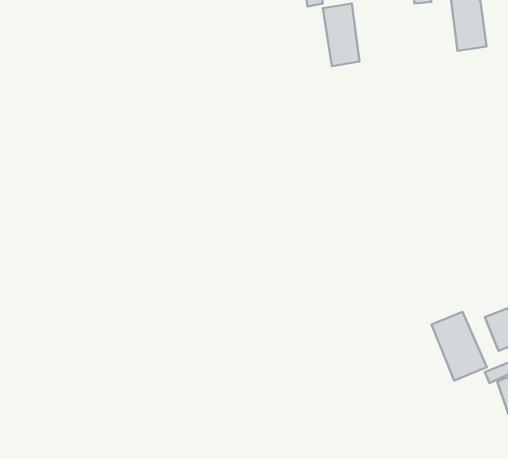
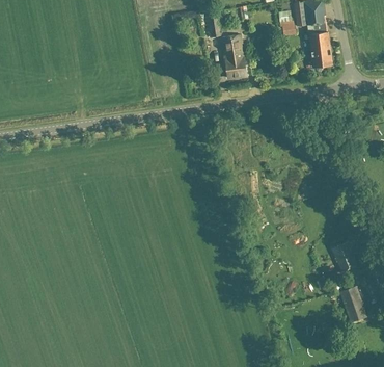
building: [431,312,487,380] -> none

